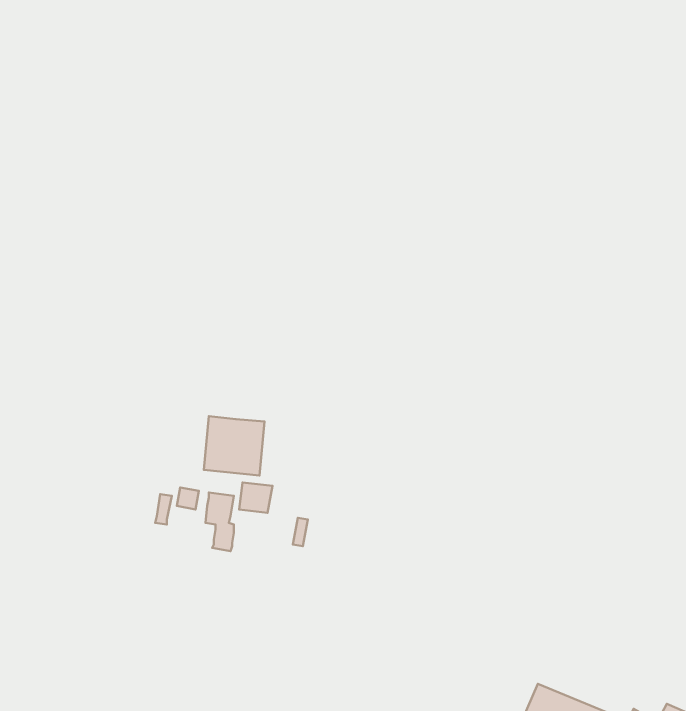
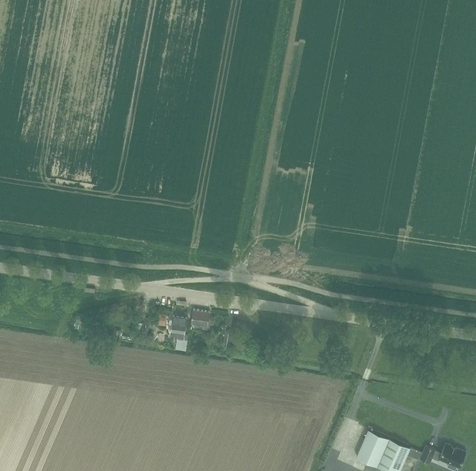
building: [204,416,264,476] -> none

